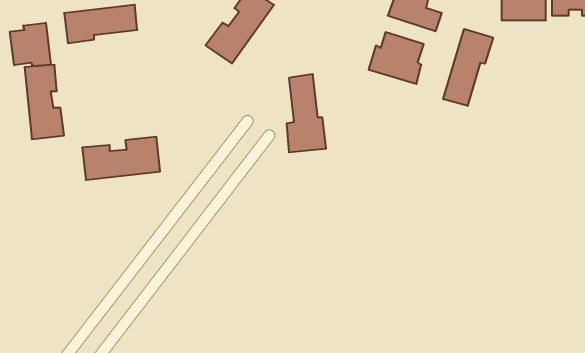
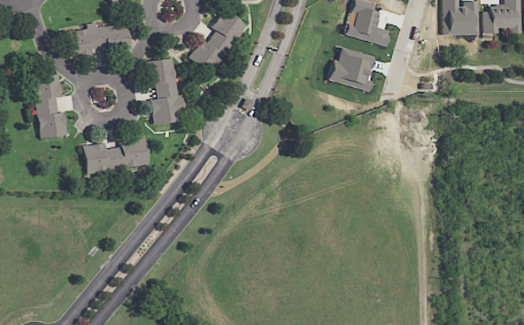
building: [10,23,51,66] -> none
building: [443,29,493,106] -> none
building: [287,74,326,152] -> [151,57,185,124]

